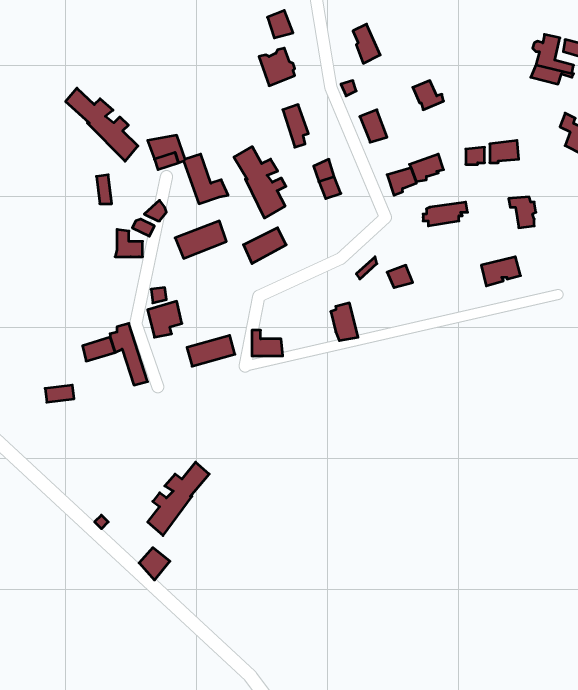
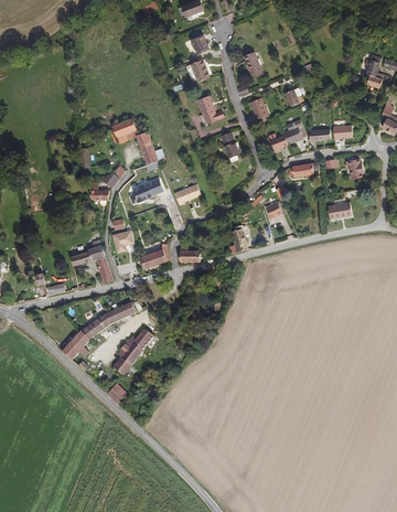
building: [66,88,138,161] -> none
building: [234,147,286,218] -> none
building: none -> [62,303,135,362]

